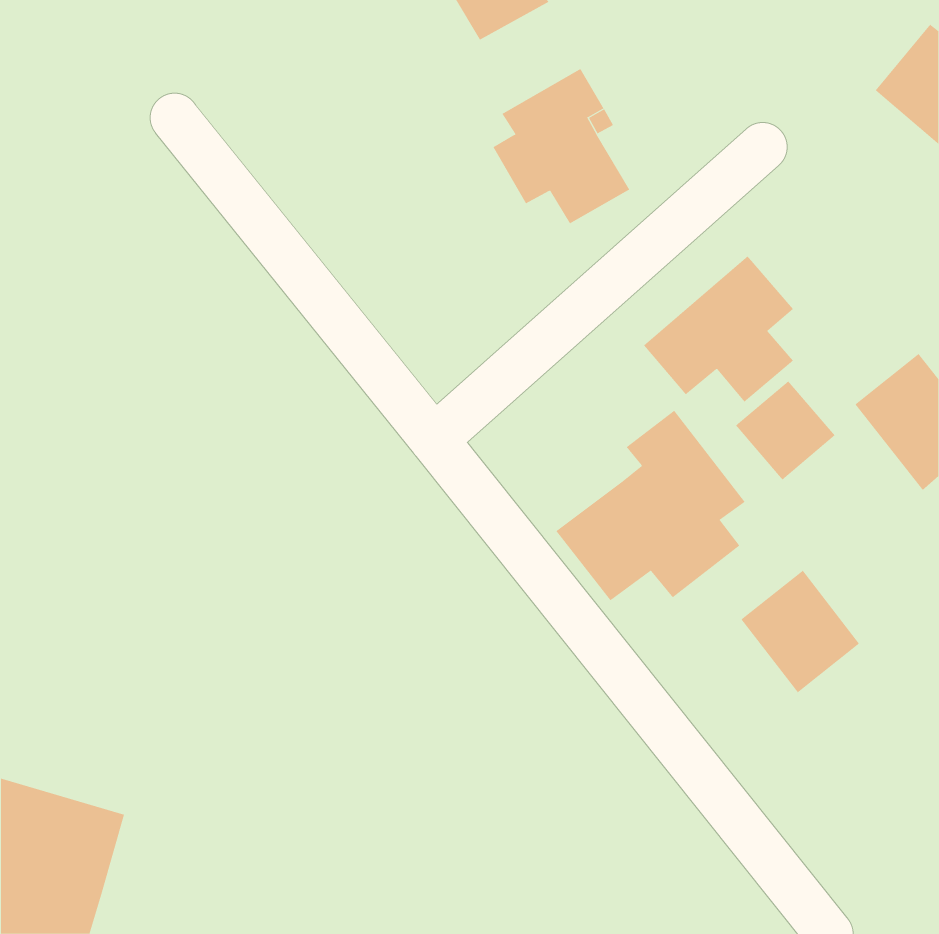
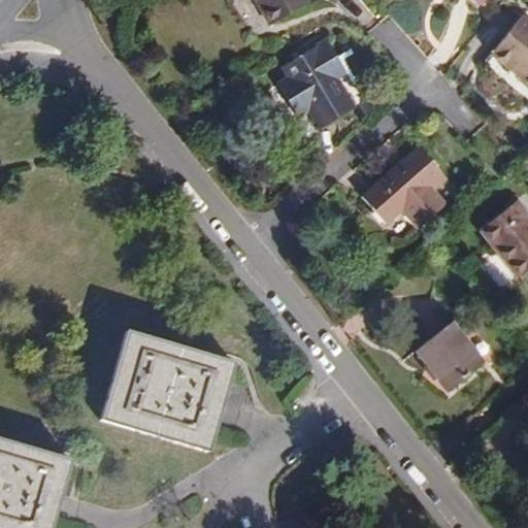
building: [735,381,836,480] -> none
building: [556,410,746,601] -> none
building: none -> [99,328,234,450]

